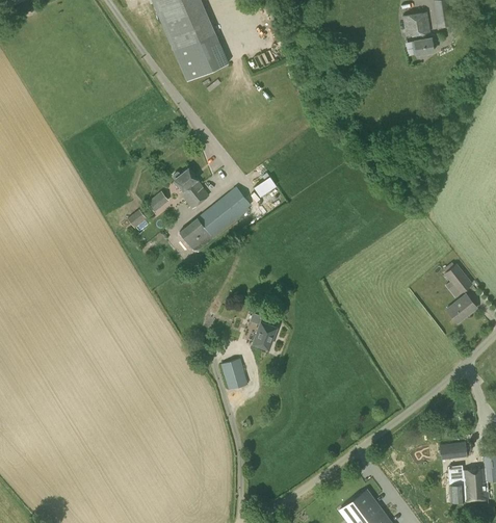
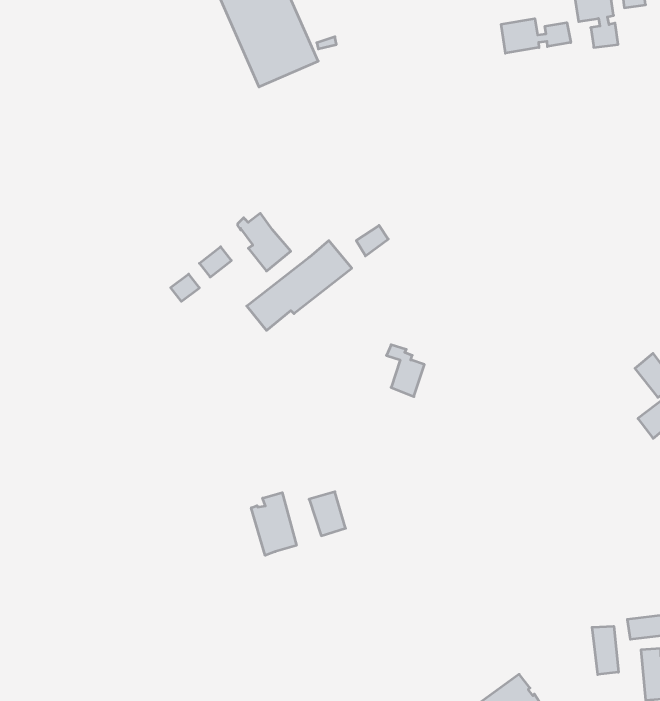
building: none -> [501,19,571,53]
building: [250,314,276,349] -> [386,345,424,397]
building: none -> [251,493,296,555]
building: none -> [592,626,618,675]

